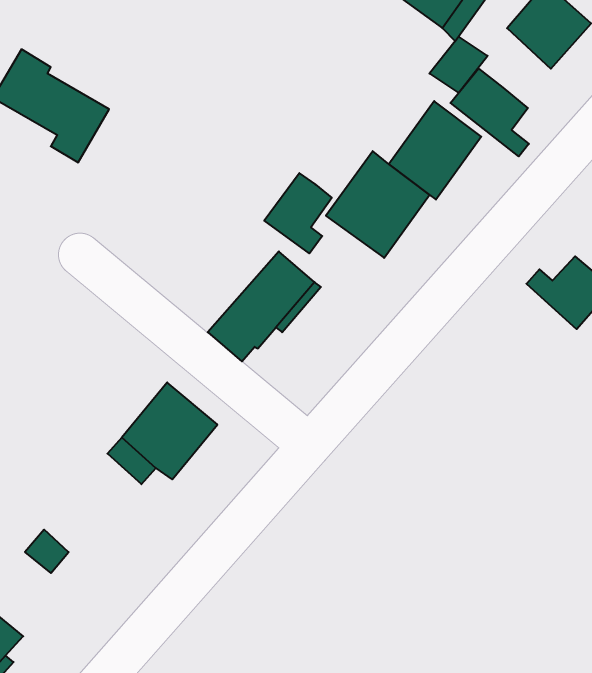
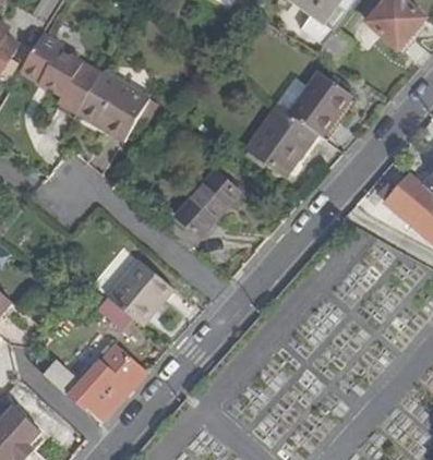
building: [450,68,529,156] -> none
building: none -> [79,72,148,138]
building: [264,173,332,253] -> none
building: none -> [72,343,147,421]

